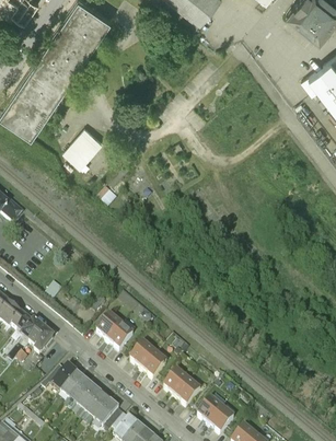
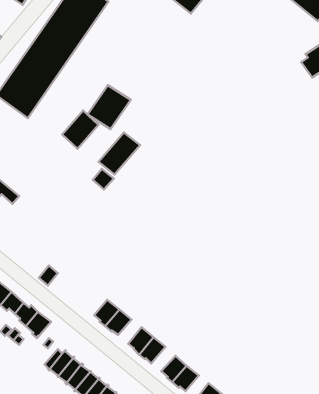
building: none -> [88,85,131,129]
building: none -> [98,132,140,175]

